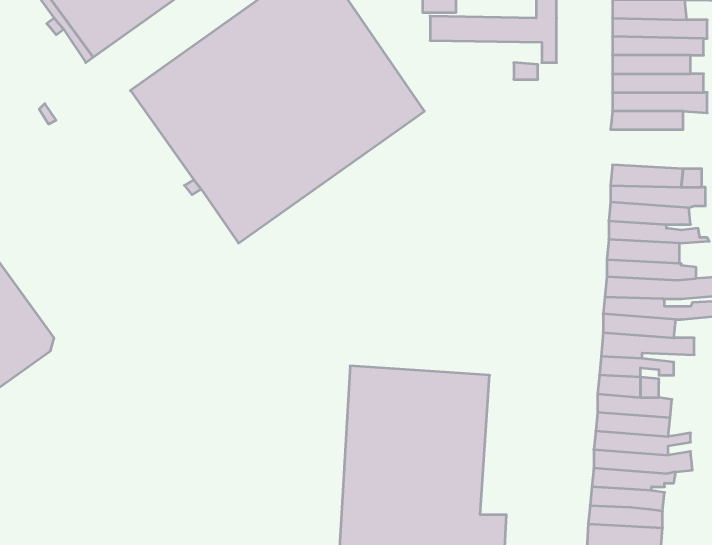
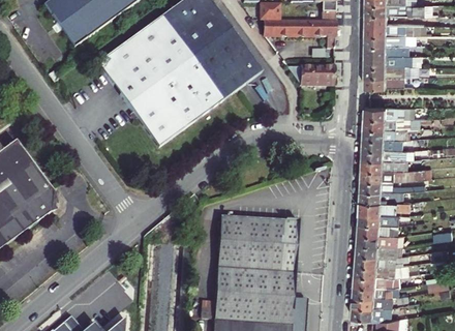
building: none -> [286,64,334,83]

